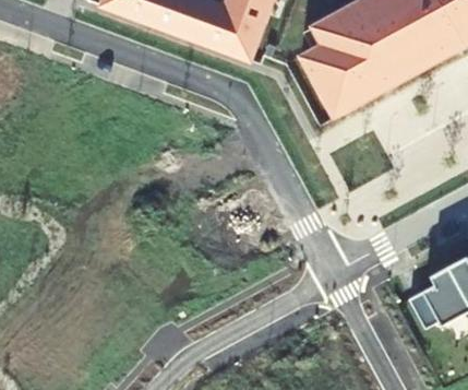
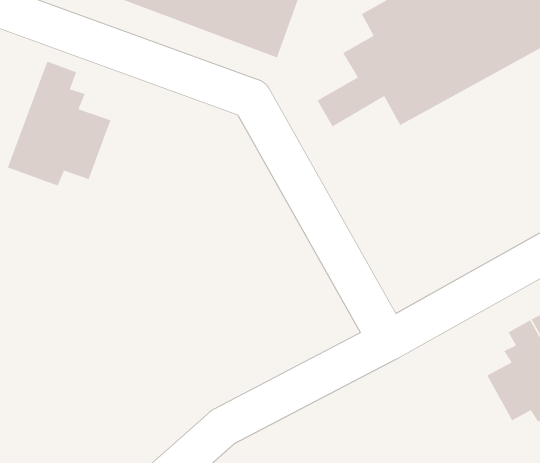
building: none -> [7,61,111,187]

